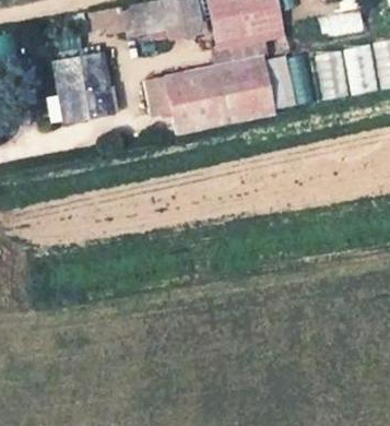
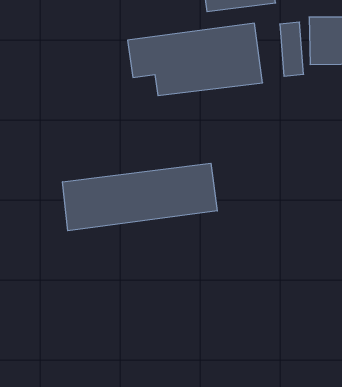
building: [47,55,113,121] -> none
building: none -> [63,163,217,231]

